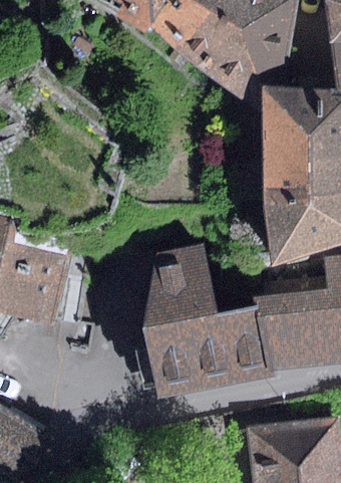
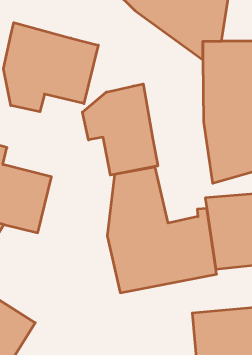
building: none -> [3,23,98,112]
building: none -> [82,84,158,175]

